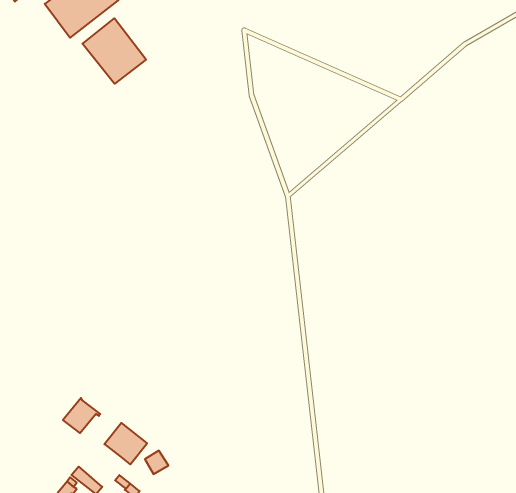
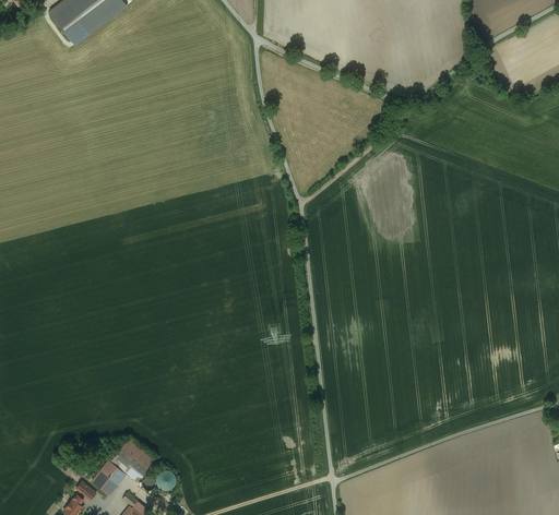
building: [82,18,146,84] -> none
building: [63,398,100,433] -> [91,458,129,494]

